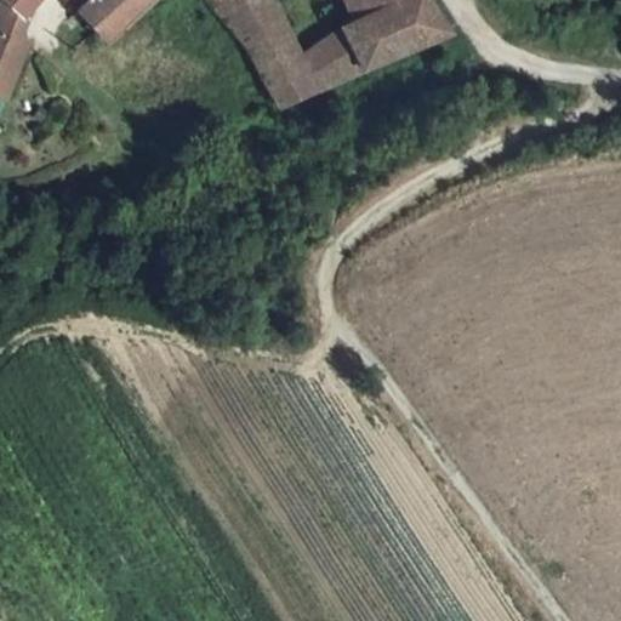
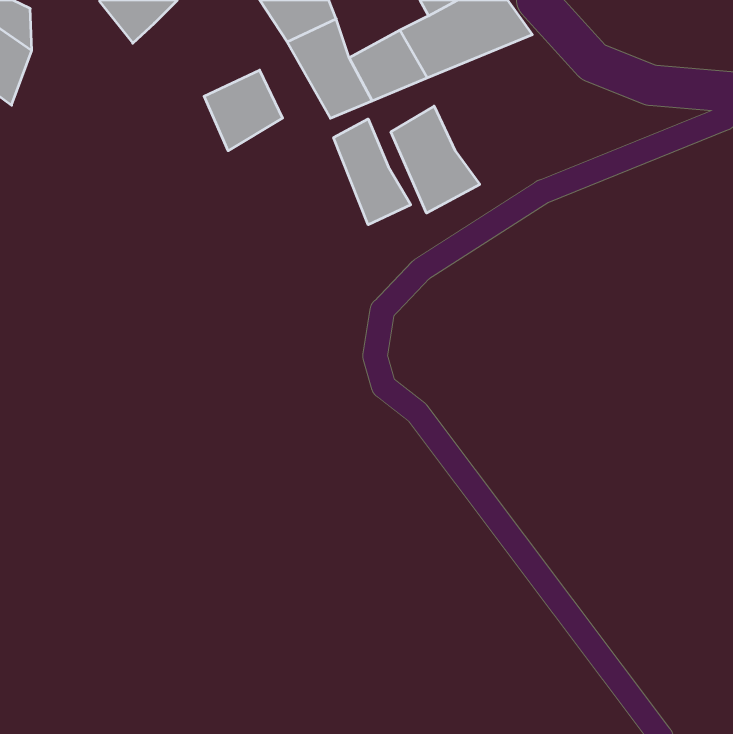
building: none -> [204,70,283,151]
building: none -> [391,106,480,213]
building: none -> [334,119,411,225]

